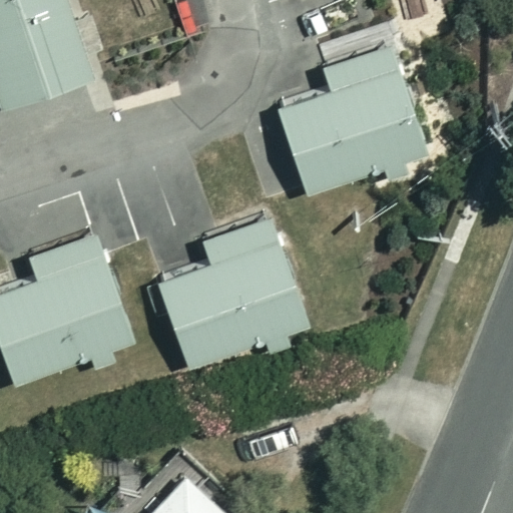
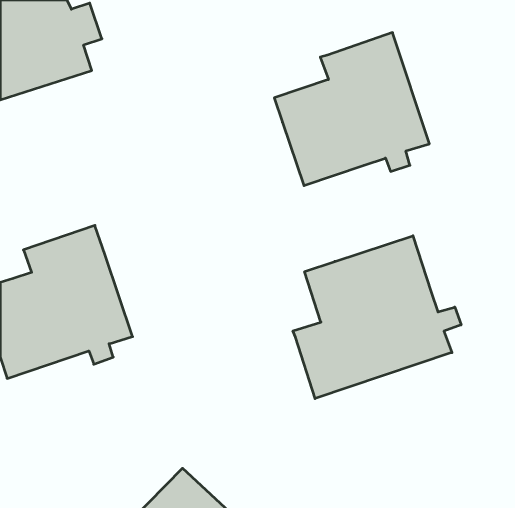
building: [157,219,310,370] -> none
building: none -> [293,236,461,399]

